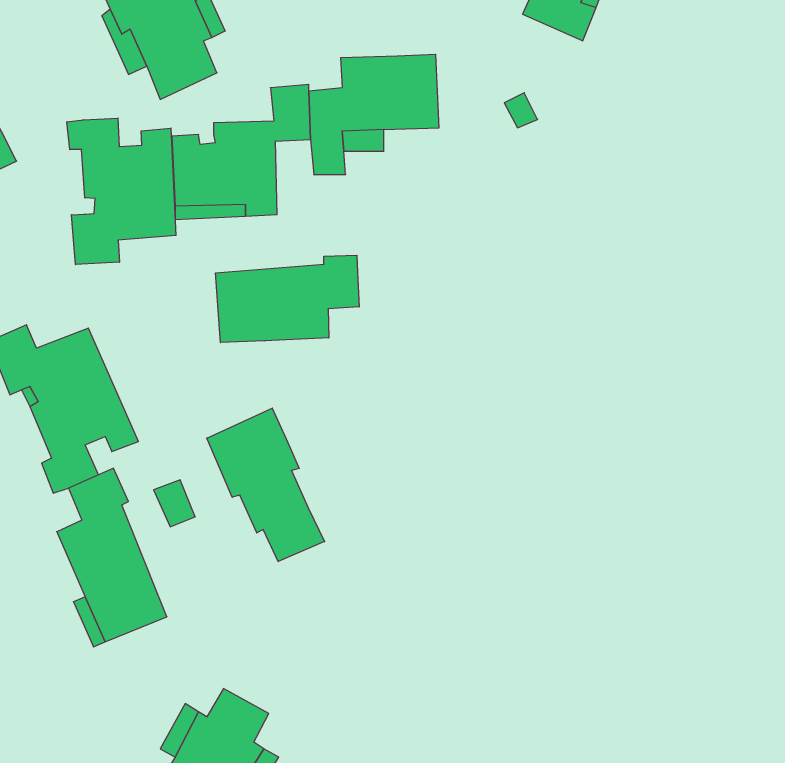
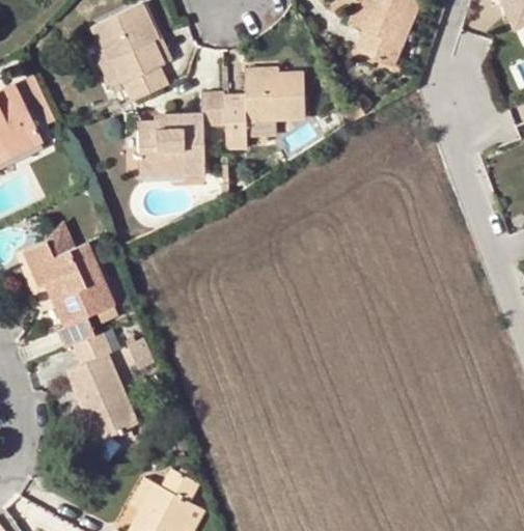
building: [67,118,176,265] -> none
building: [216,255,359,343] -> none
building: [207,408,325,562] -> none

